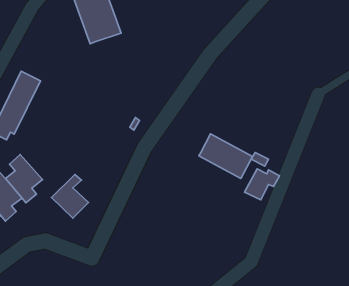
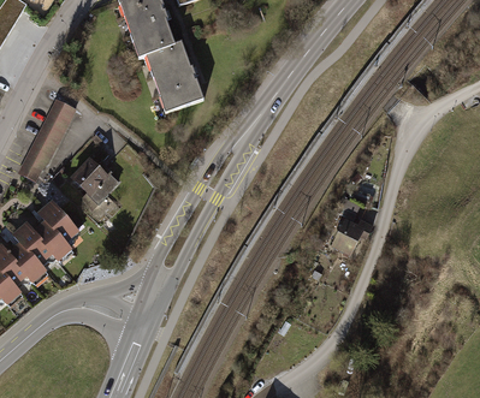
building: none -> [144,42,203,113]
building: [199,134,253,179] -> none
building: [51,174,88,218] -> [70,143,115,197]

